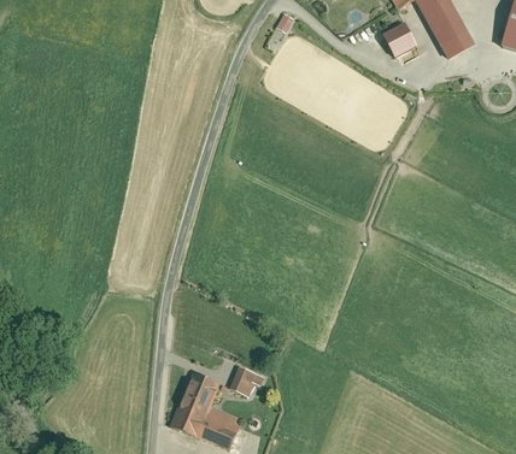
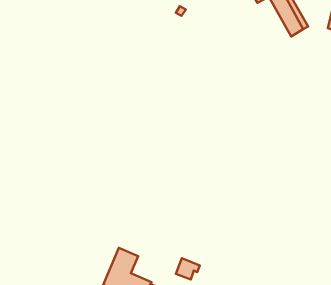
building: [381,23,415,57] -> none
building: [229,364,264,395] -> [176,258,200,280]

